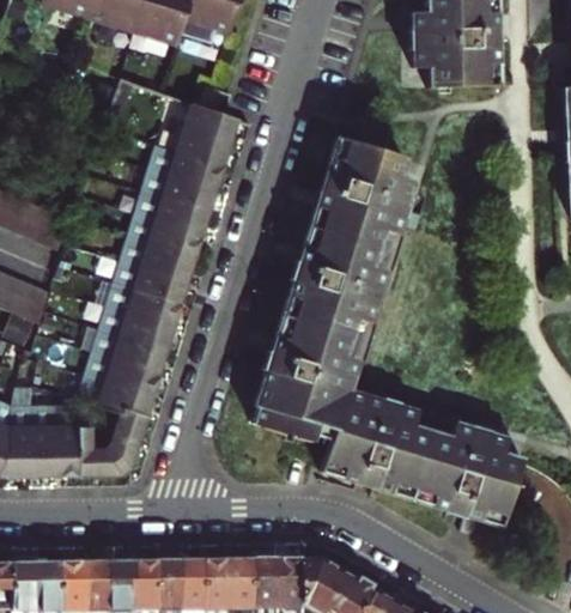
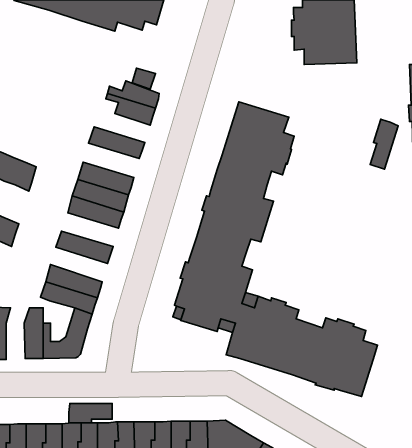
building: [150,145,224,189] -> none
building: none -> [370,119,398,169]
building: [135,190,209,236] -> none
building: [107,283,182,327] -> none
building: [92,328,168,374] -> none
building: [34,408,65,477] -> none
building: none -> [69,403,112,423]

